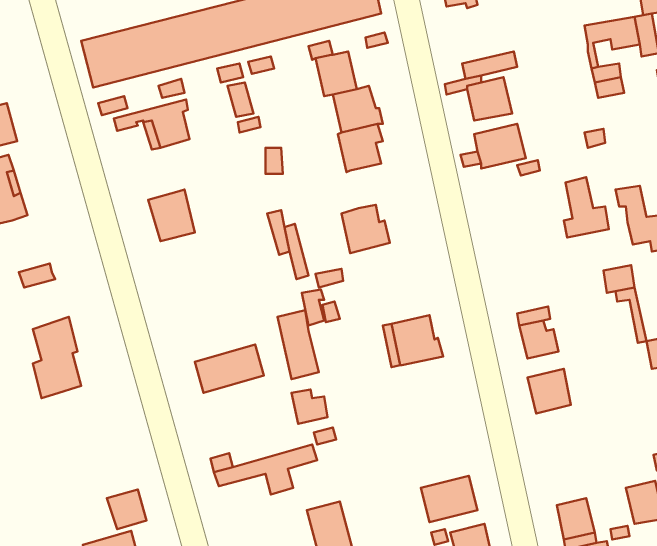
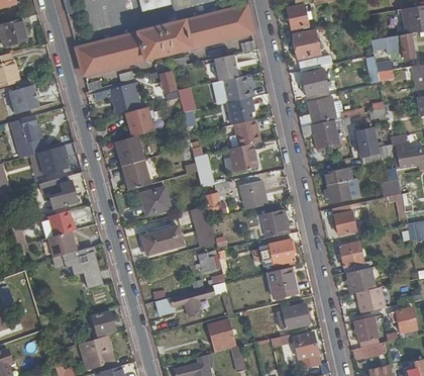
building: none -> [294,30,320,58]
building: none -> [127,107,154,136]
building: none -> [234,119,260,147]
building: none -> [301,123,334,147]
building: none -> [36,147,67,175]
building: none -> [123,161,150,190]
building: none -> [324,167,351,202]
building: none -> [49,181,77,209]
building: none -> [240,181,267,209]
building: none -> [139,186,171,215]
building: none -> [270,239,295,265]
building: none -> [61,247,102,289]
building: none -> [268,267,296,298]
building: none -> [346,267,385,312]

